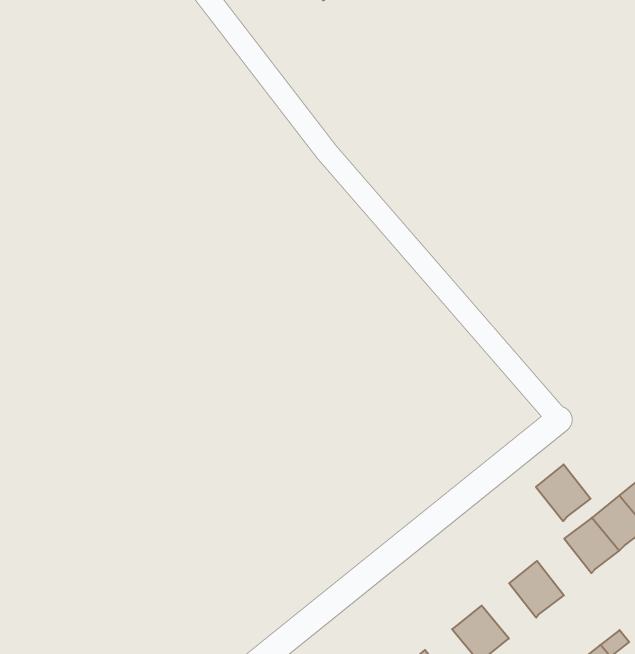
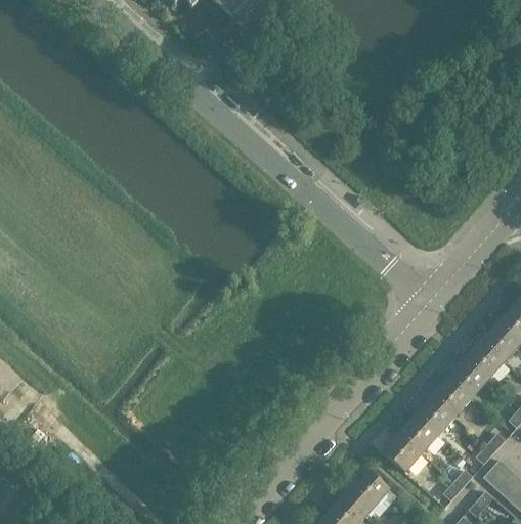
building: [536,464,591,521] -> [434,377,473,416]
building: none -> [401,413,440,451]

